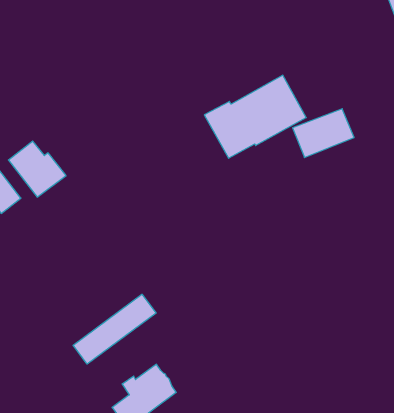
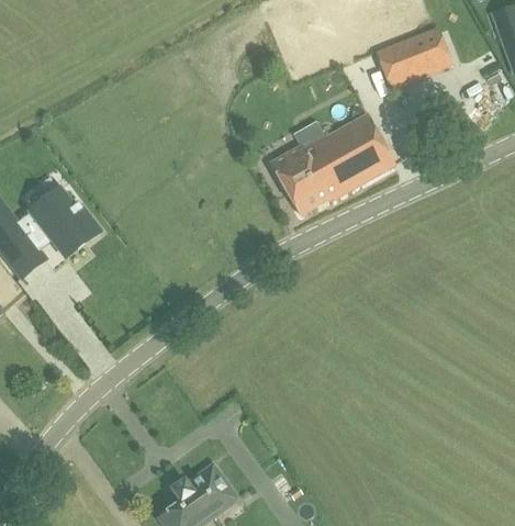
building: [293,109,354,158] -> [377,26,451,86]
building: [73,294,156,364] -> none

